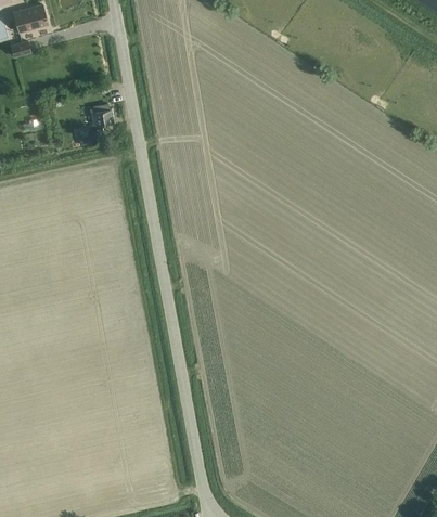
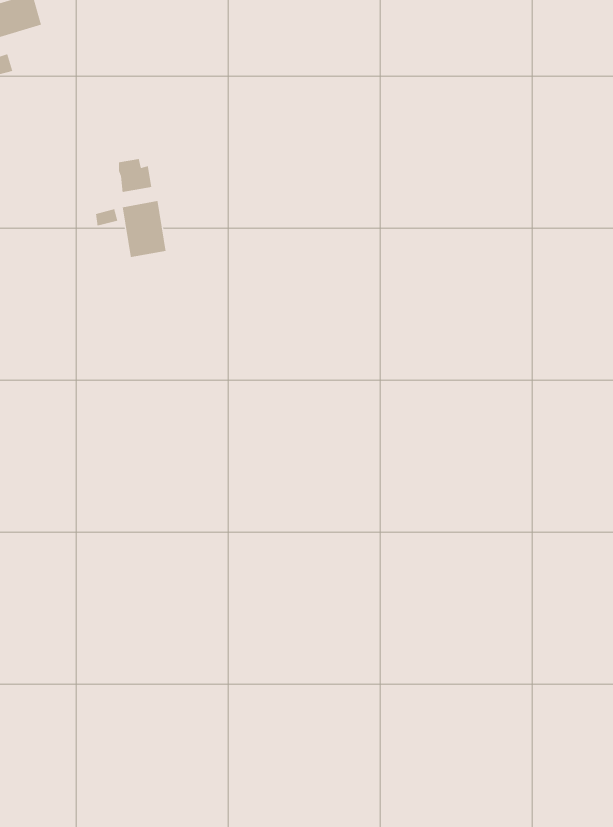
building: none -> [122,200,166,258]

